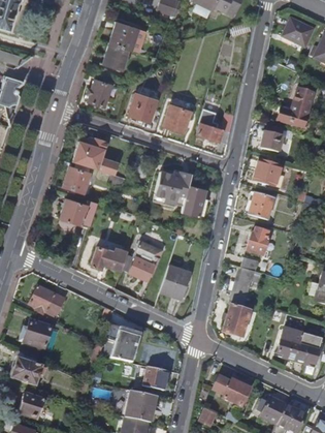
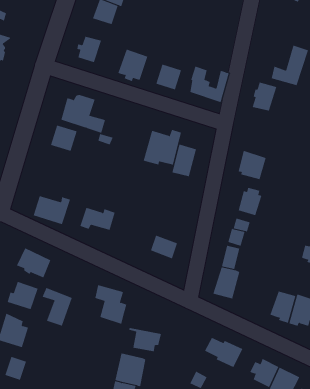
building: [254,160,282,186] -> none
building: [61,198,98,227] -> [33,195,71,225]
building: [130,239,164,279] -> none
building: none -> [42,287,72,327]

